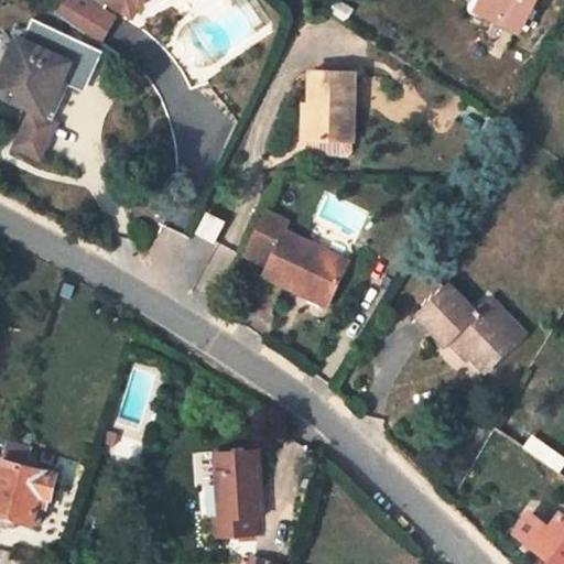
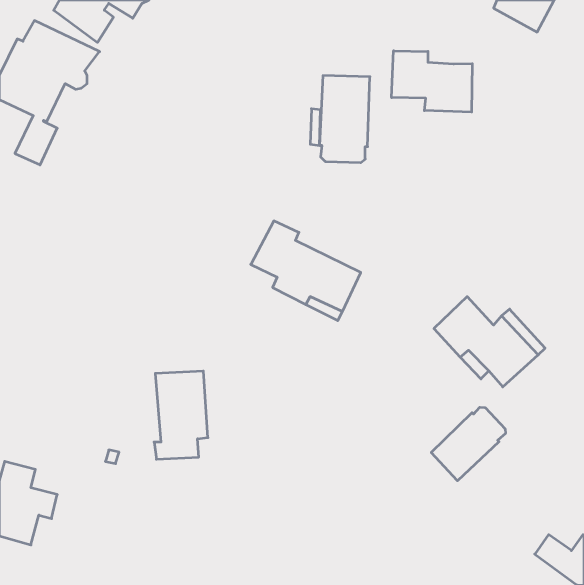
building: none -> [392,51,472,112]
building: none -> [431,407,505,481]
building: [212,452,263,536] -> [154,371,208,459]

